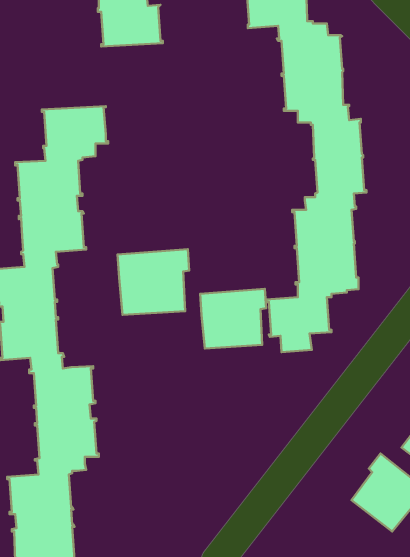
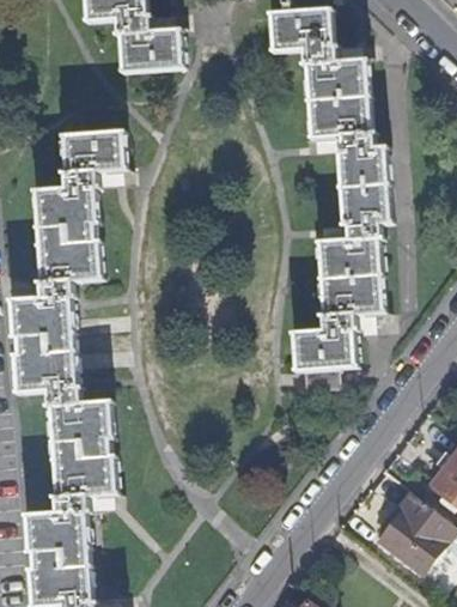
building: [118,249,189,315] -> none
building: [200,289,266,348] -> none

